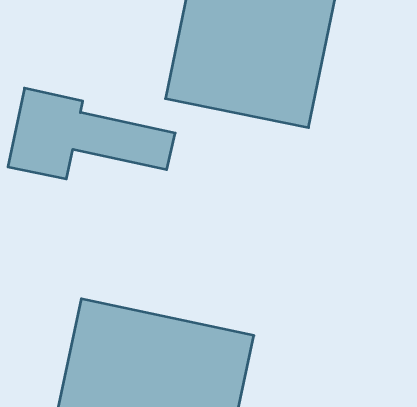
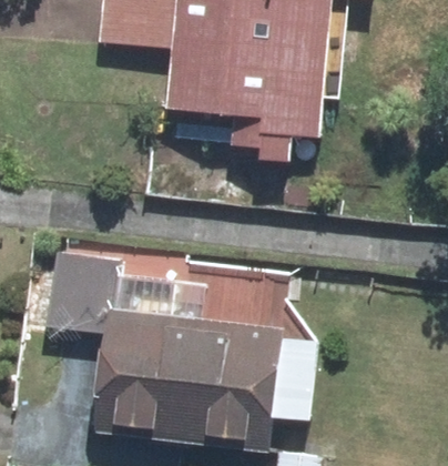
building: [8,88,175,179] -> [49,253,204,335]

